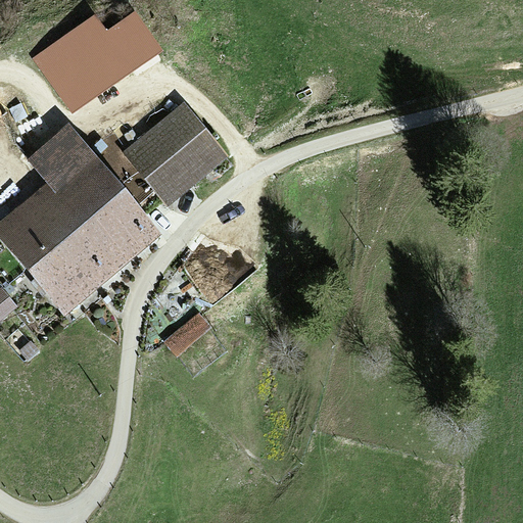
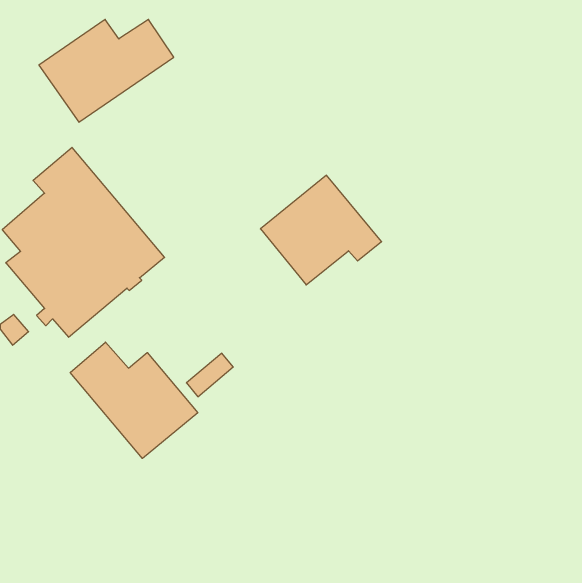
building: [127,105,235,203] -> [260,175,382,285]
building: none -> [70,342,198,458]

